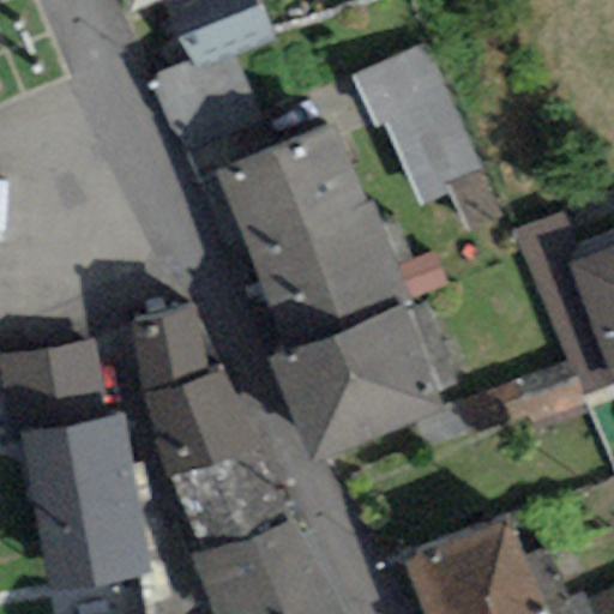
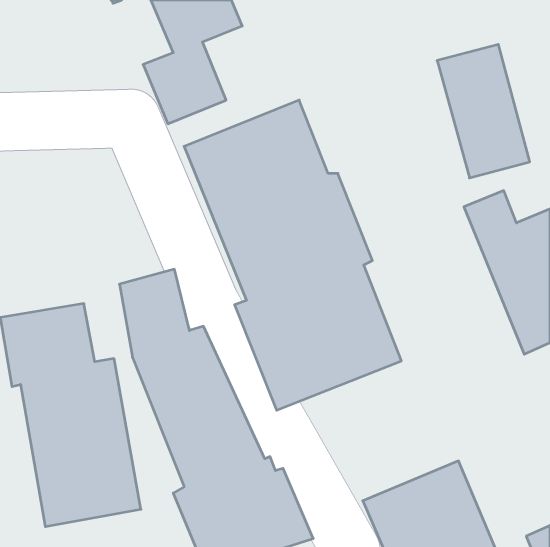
building: [378,47,481,195] -> [437,44,530,178]

